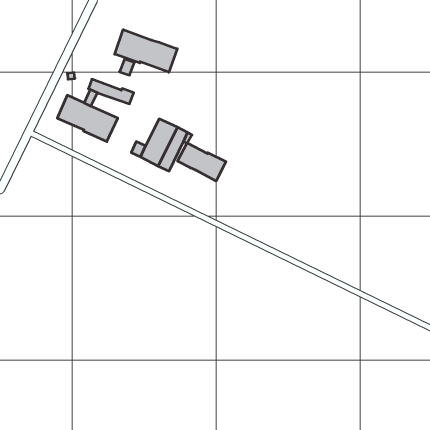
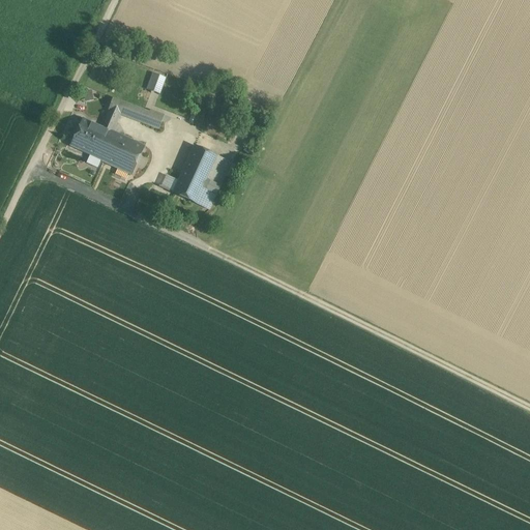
building: [115,30,177,72] -> none
building: [178,143,226,181] -> none

